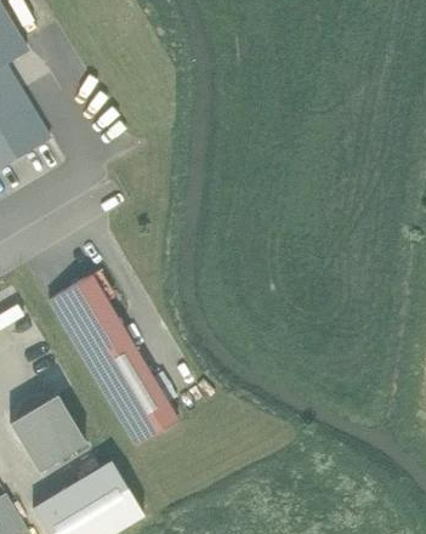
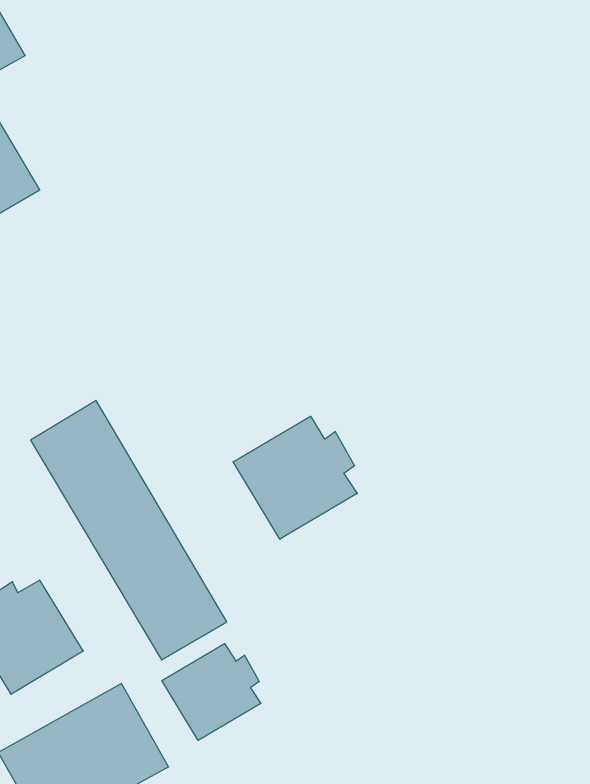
building: none -> [233,416,357,539]
building: none -> [162,644,261,740]

